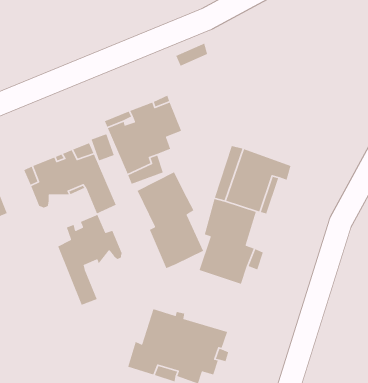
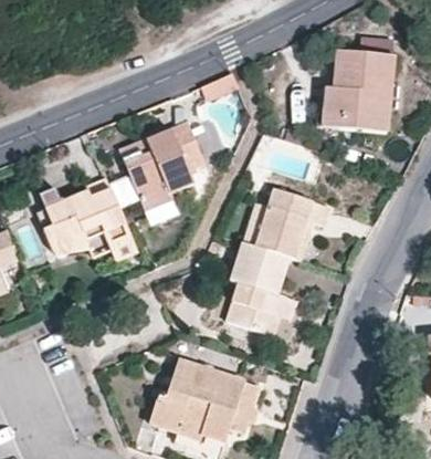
building: none -> [318,50,397,132]
building: [136,171,204,269] -> none
building: [57,214,123,306] -> none

